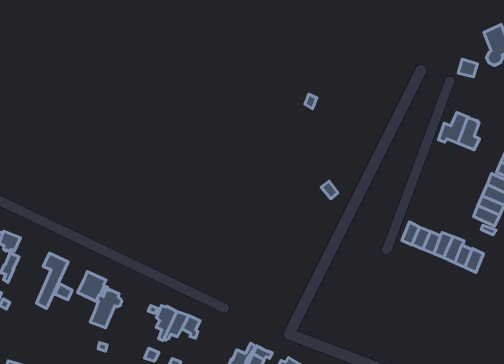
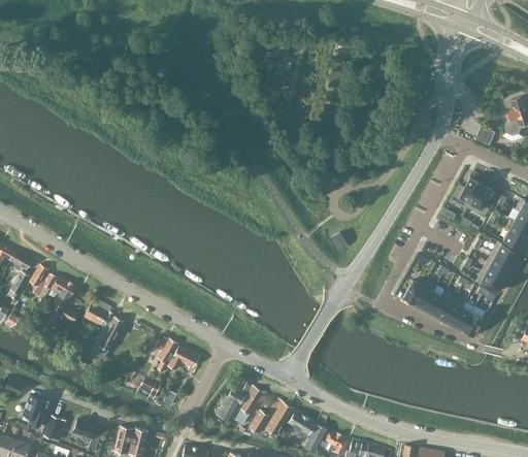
building: none -> [30,266,57,300]

